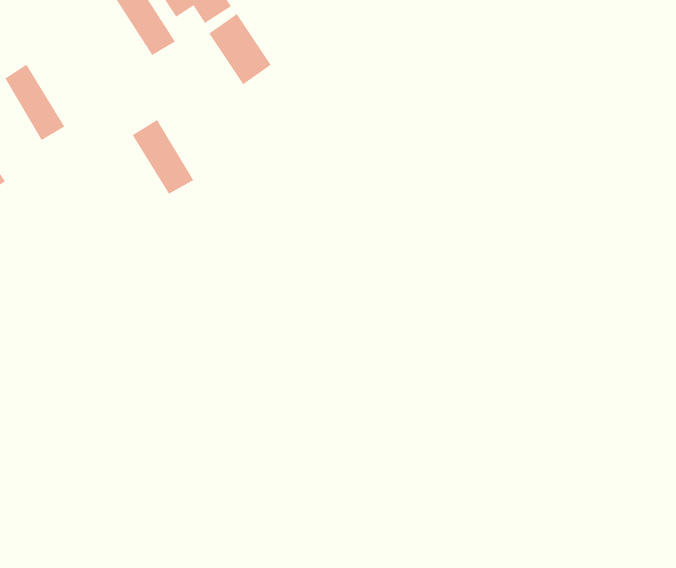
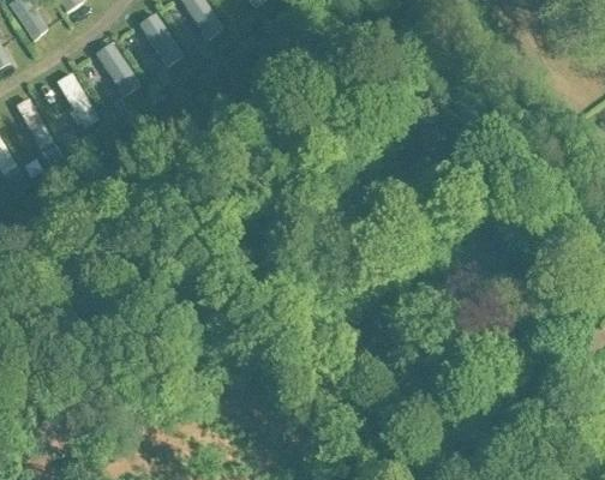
building: [208,13,271,85] -> none
building: [132,119,194,195] -> [94,41,140,97]

